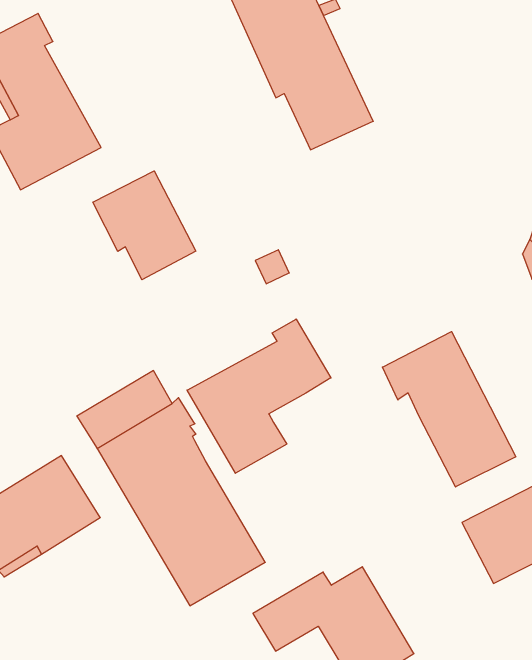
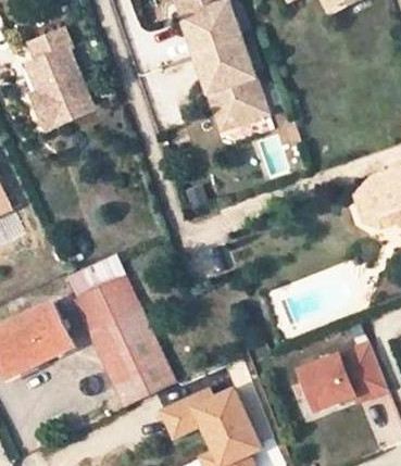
building: [93,171,196,280] -> none
building: [187,319,331,473] -> none
building: [382,332,516,487] -> none

